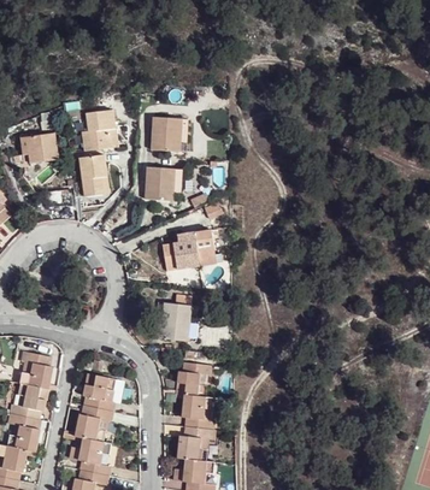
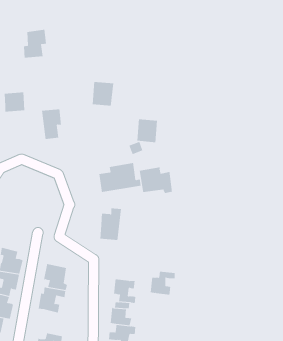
building: [83,107,117,148] -> [23,29,47,58]
building: [143,167,173,201] -> [136,119,158,143]
building: none -> [139,166,173,194]
building: [175,364,211,397] -> [150,271,175,295]
building: [69,438,112,476] -> none

